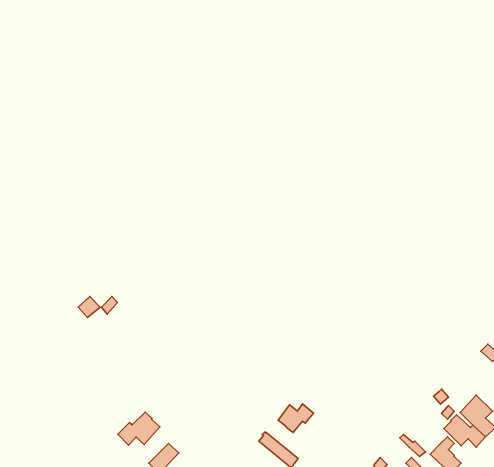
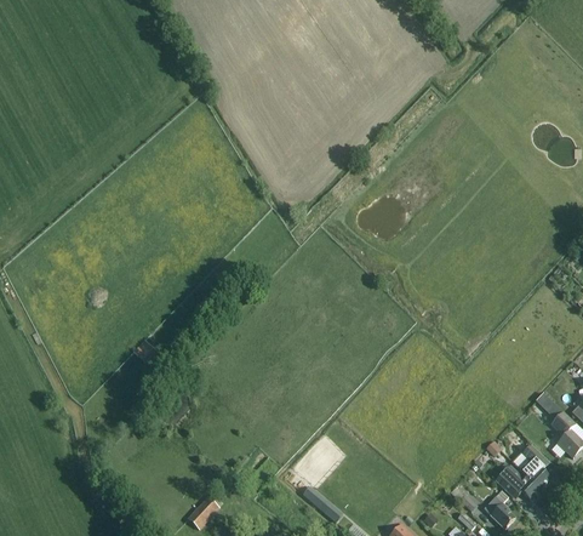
building: [278,404,314,433] -> none
building: [118,412,160,445] -> none

